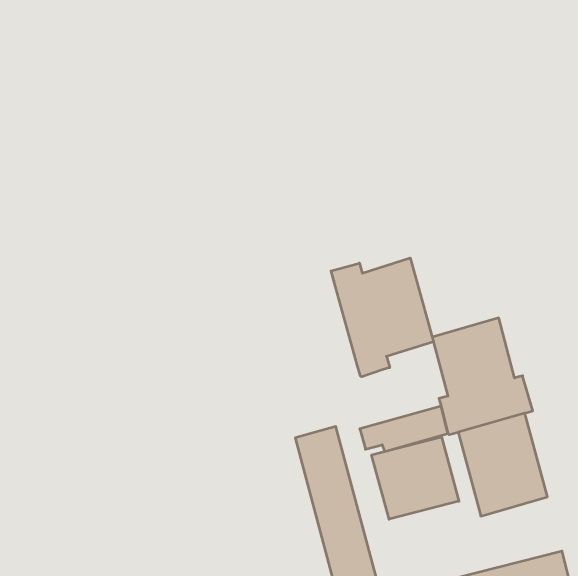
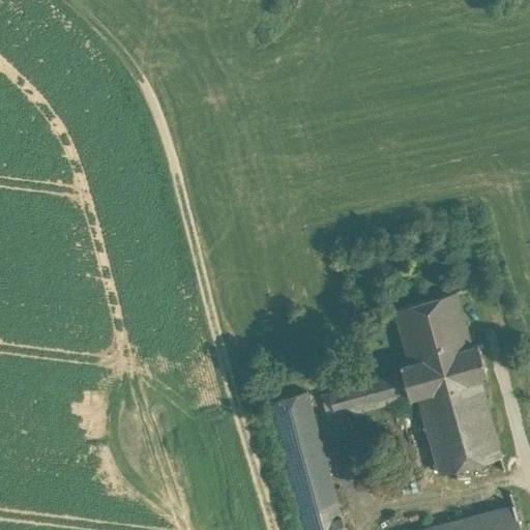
building: [331,258,433,377] -> none
building: [372,437,459,519] -> none

